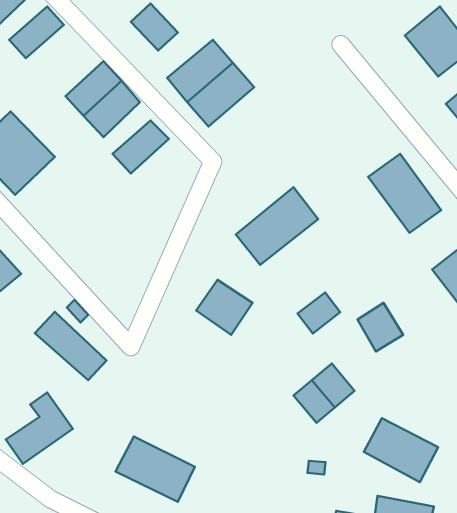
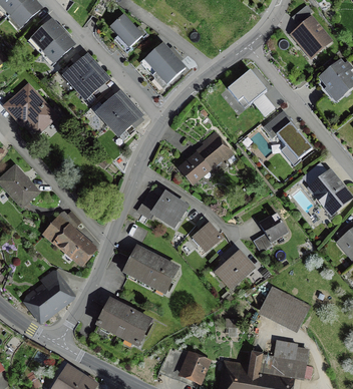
building: none -> [38,27,76,64]
building: none -> [229,69,278,119]
building: none -> [107,102,145,139]
building: [298,292,340,333] -> [193,226,221,253]
building: none -> [124,246,178,290]

